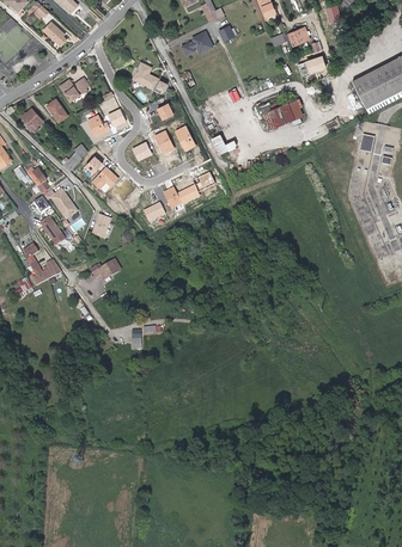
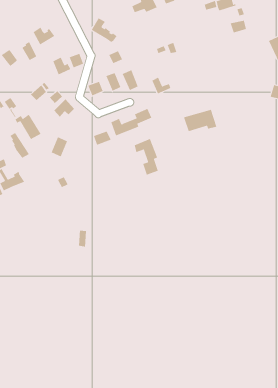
building: [262,99,305,129] -> [183,109,217,132]
building: none -> [134,138,159,175]

